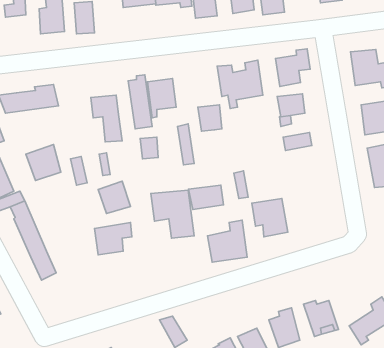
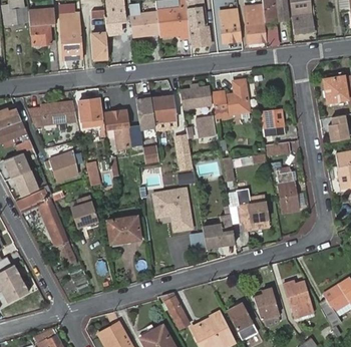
building: [276,49,310,87] -> none
building: none -> [181,87,210,109]
building: none -> [78,98,101,127]
building: none -> [276,170,298,212]
building: [98,181,130,214] -> [69,200,96,227]
building: [188,185,223,209] -> none

